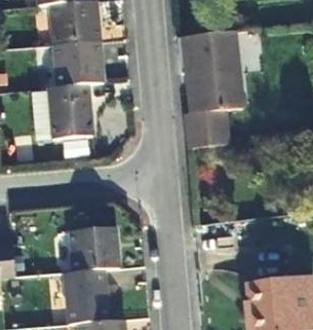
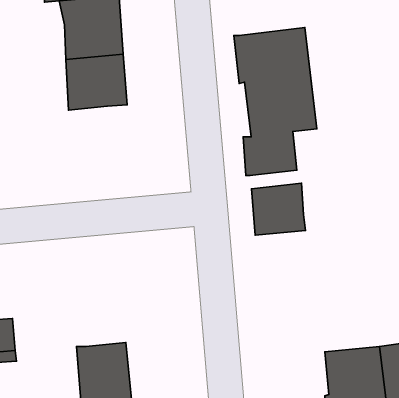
building: [45,89,88,146] -> none
building: none -> [251,183,305,235]
building: [64,229,113,274] -> none

